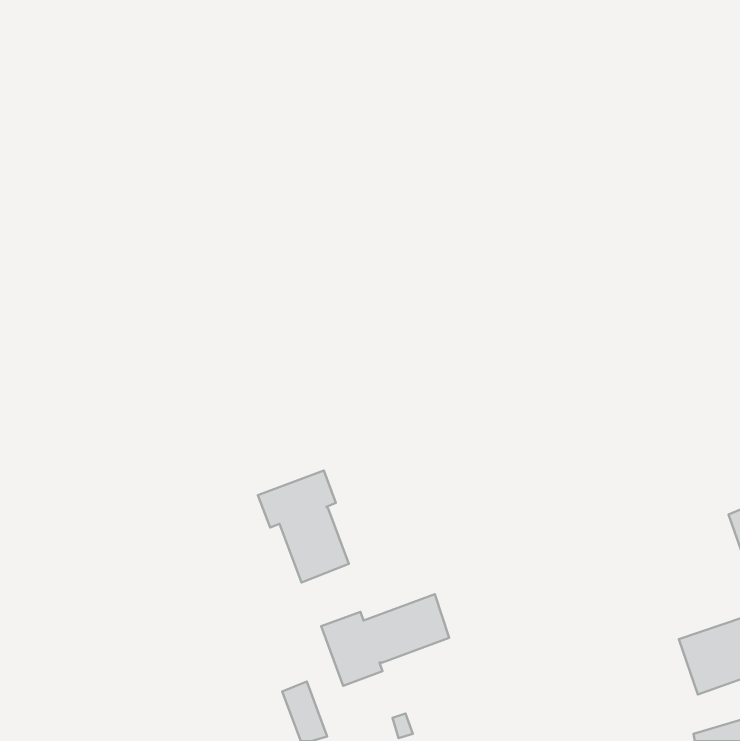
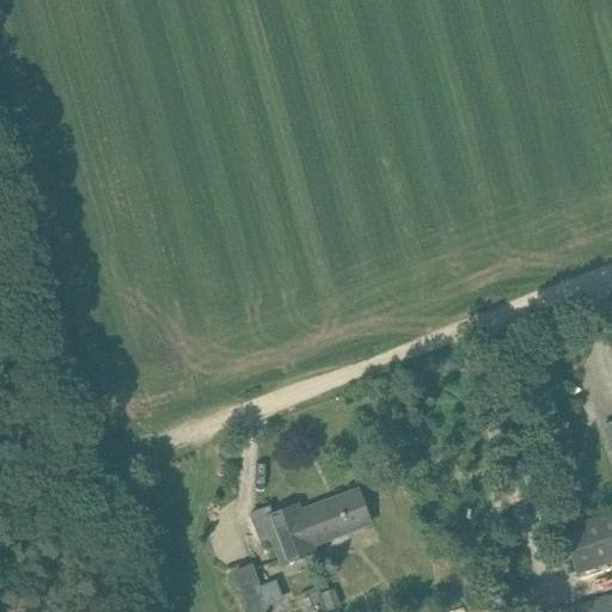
building: [258,470,349,583] -> none

